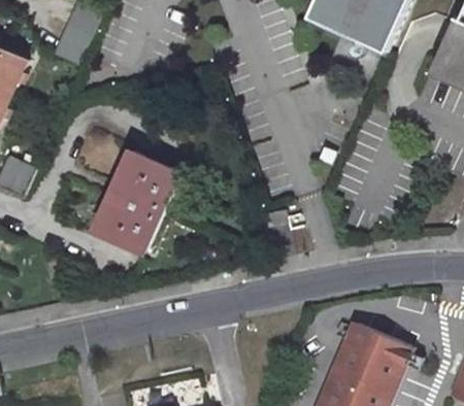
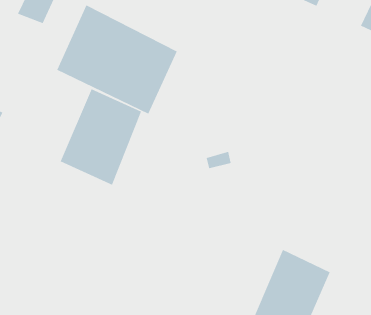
building: none -> [56,4,177,115]

